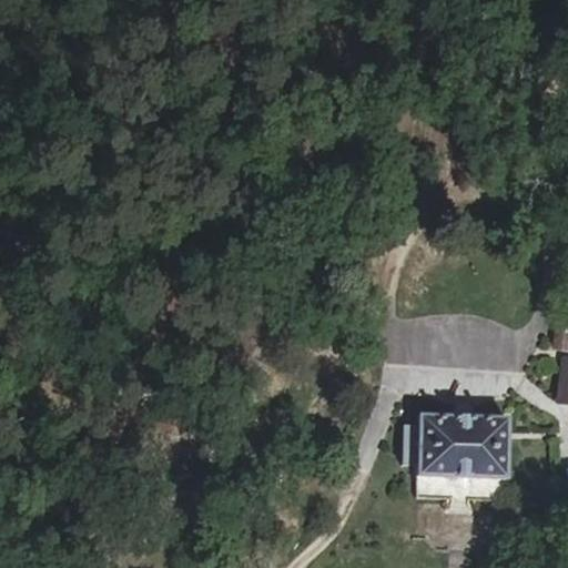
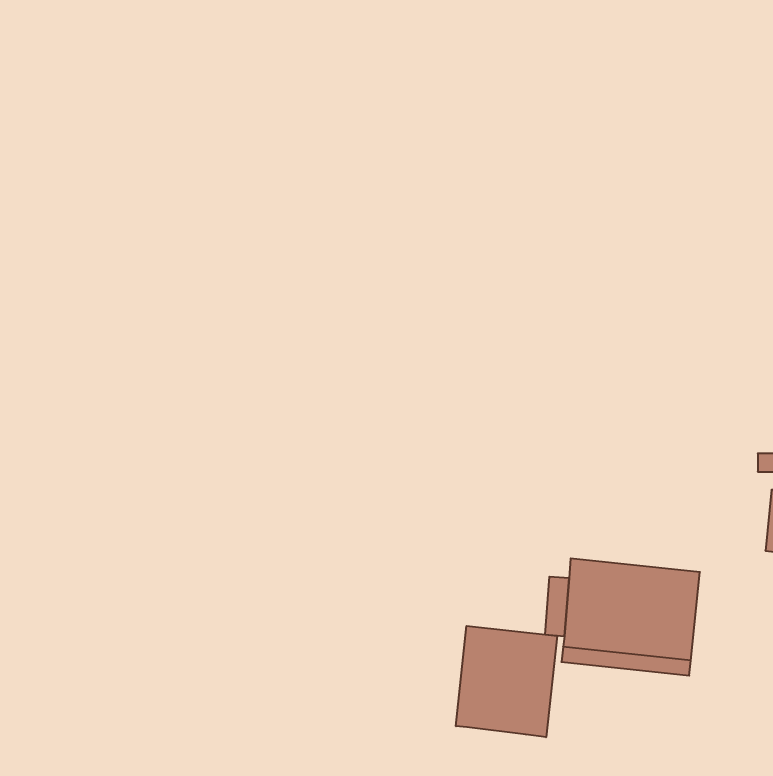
building: none -> [456,626,557,737]

